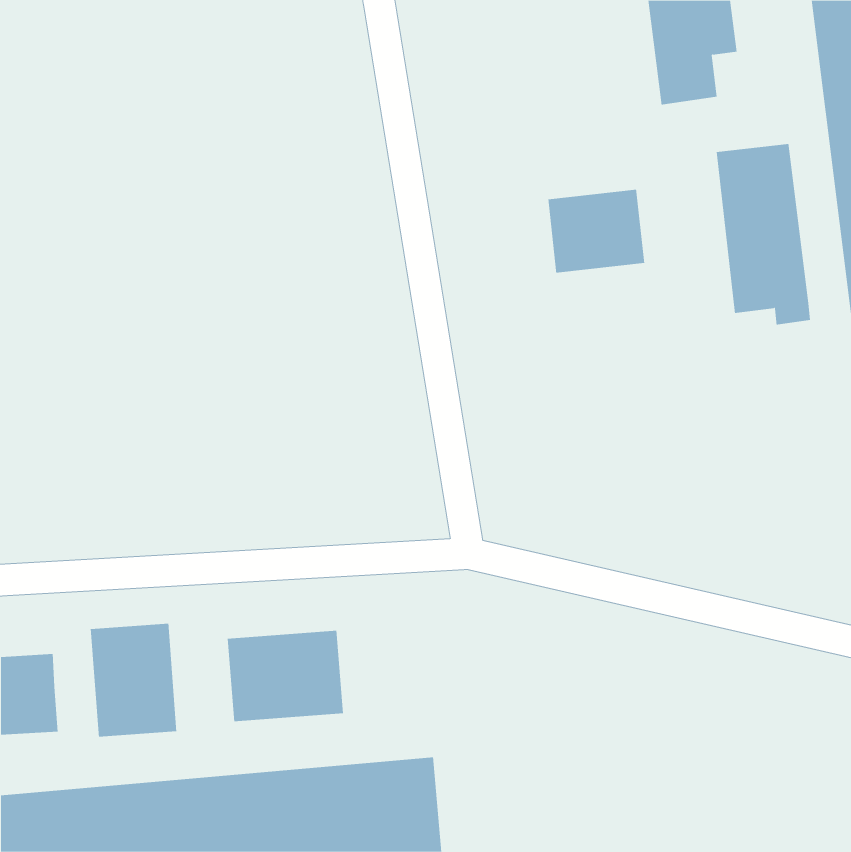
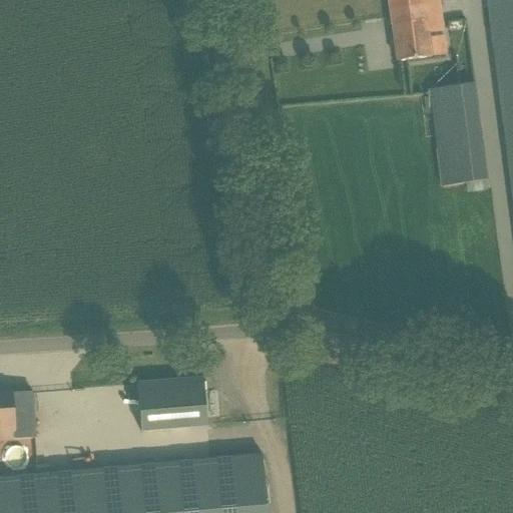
building: [548,189,645,273] -> none
building: [90,623,177,737] -> none

